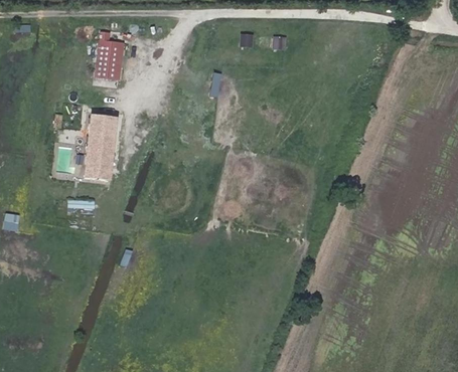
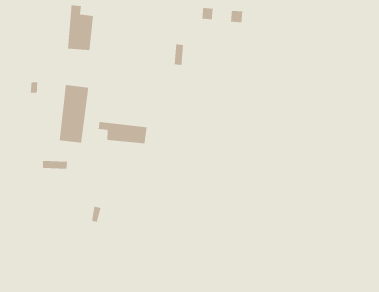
building: none -> [98,121,147,144]

